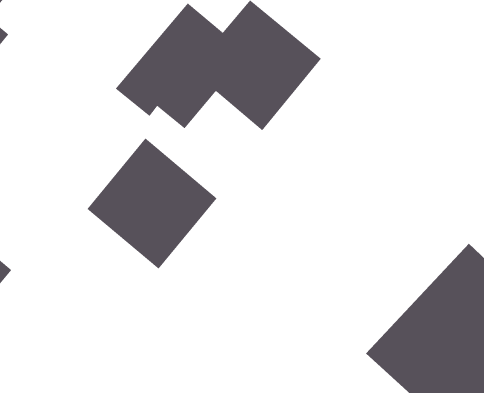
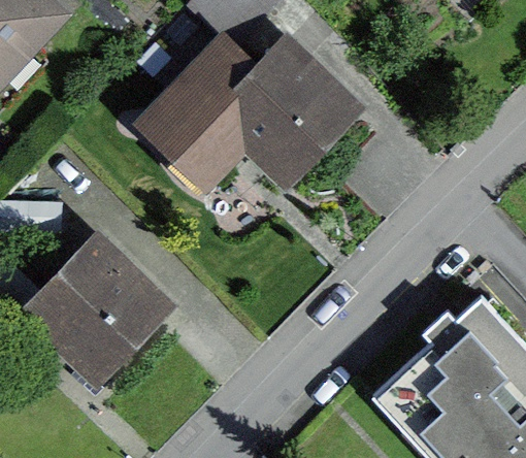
building: [87,138,217,270] -> [32,240,160,369]

